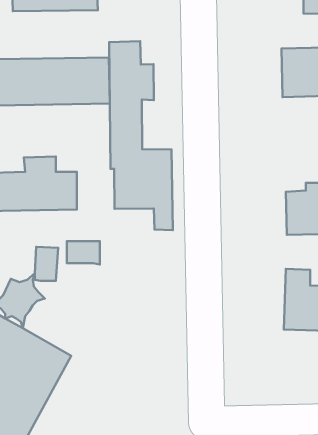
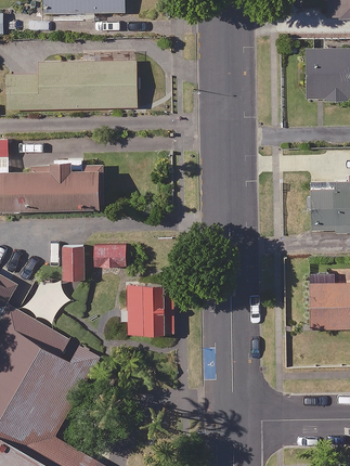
building: [109,41,173,230] -> none
building: none -> [128,288,172,337]

